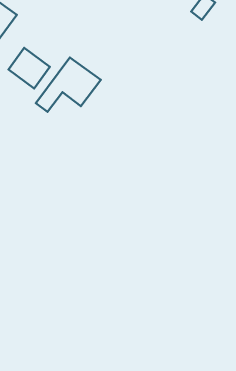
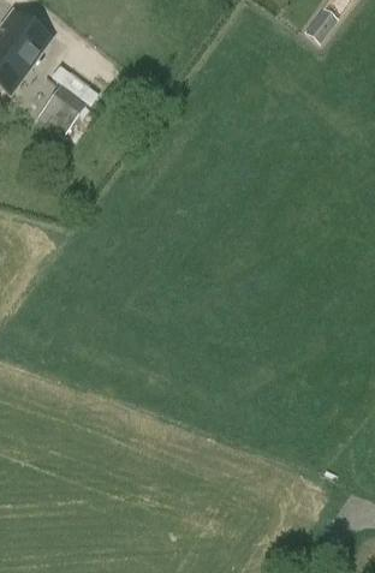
building: [36,57,101,112] -> none

